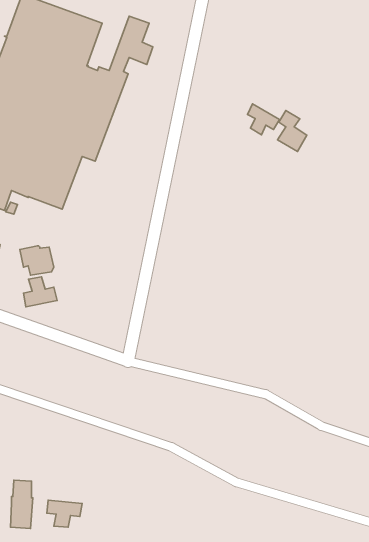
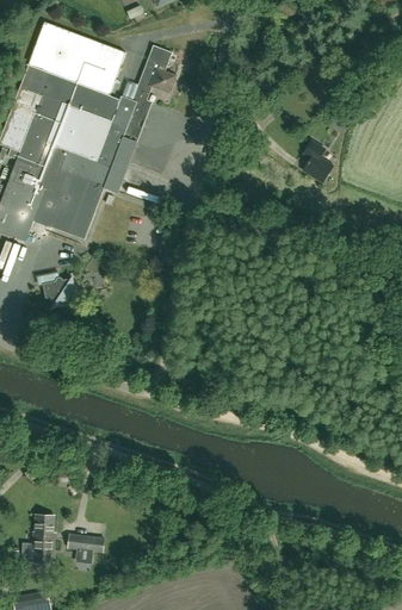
building: [248,104,279,135] -> none
building: [23,277,57,307] -> none

